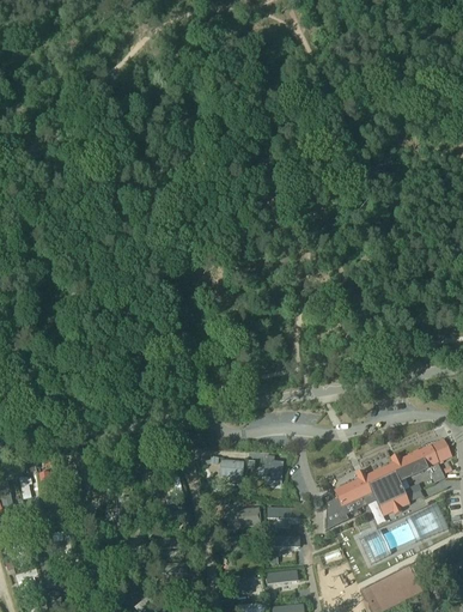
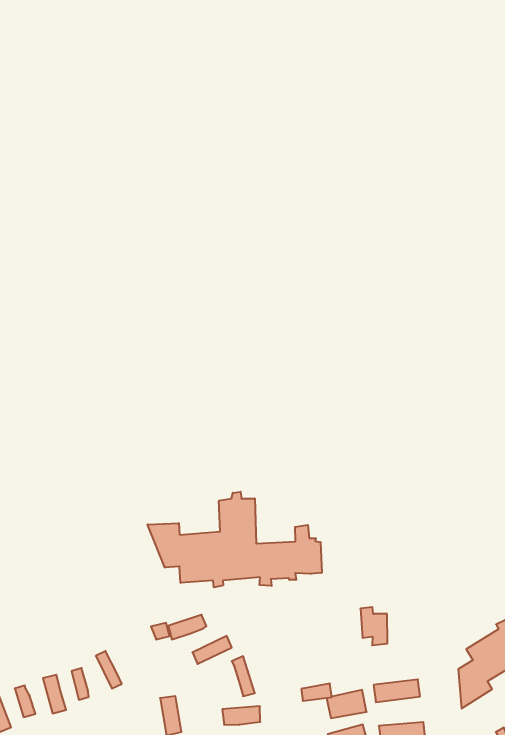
building: none -> [148,492,322,587]
building: [219,458,244,485] -> none

